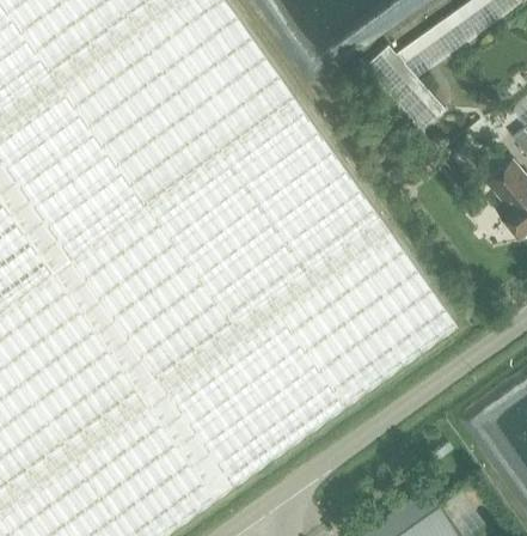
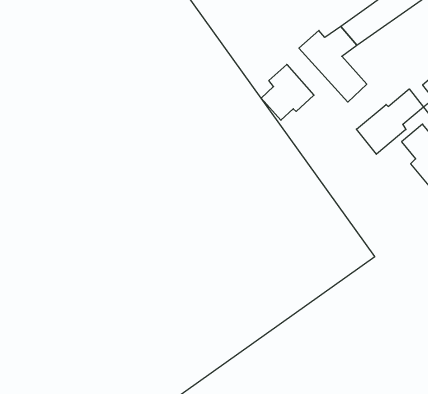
building: none -> [261,64,314,120]
building: none -> [356,89,424,154]

